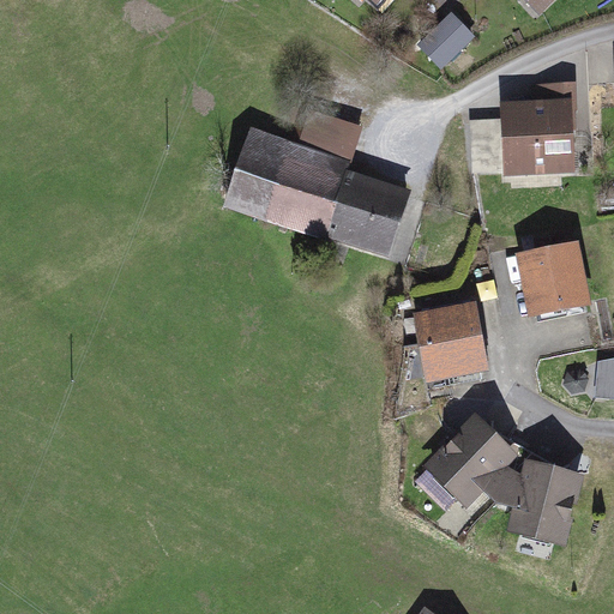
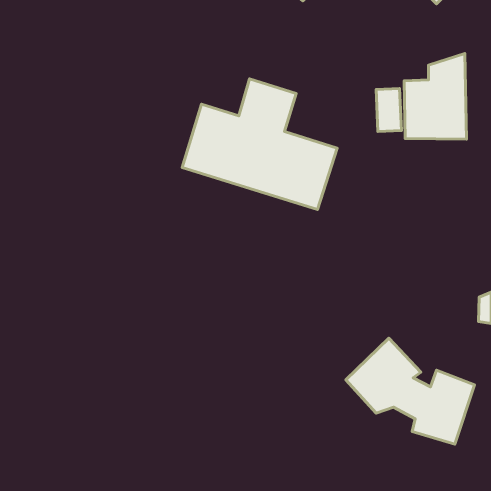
building: [415,10,468,62] -> none
building: [518,241,591,319] -> none
building: [415,301,492,383] -> none

